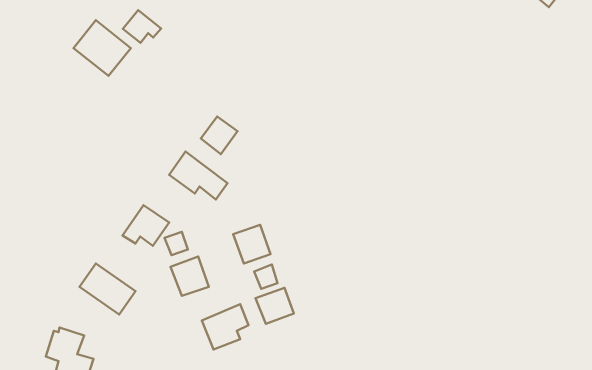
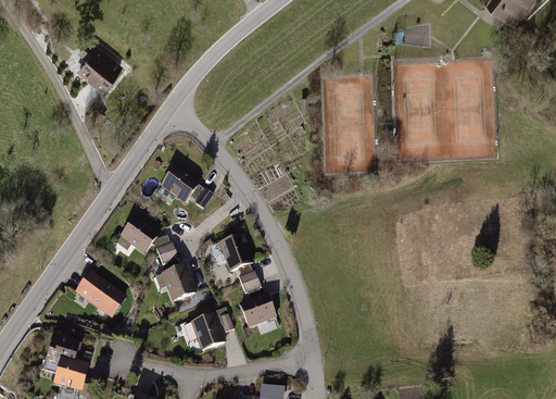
building: [123,10,161,43] -> none
building: [201,117,237,154] -> none

